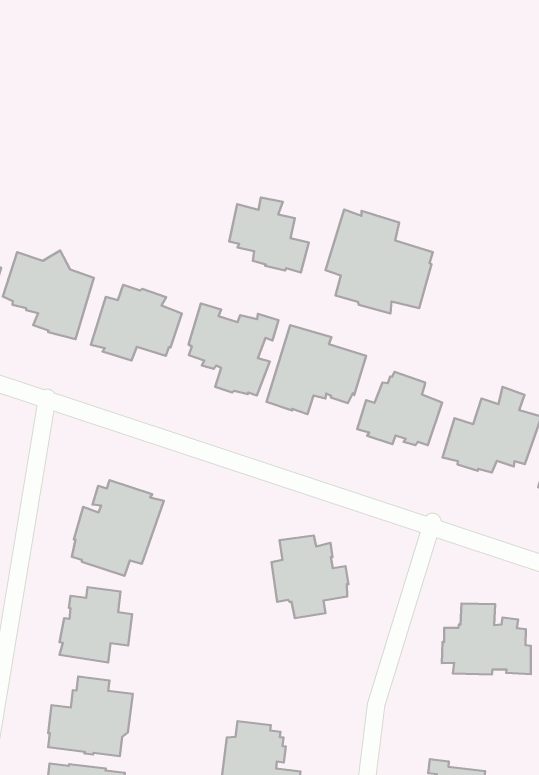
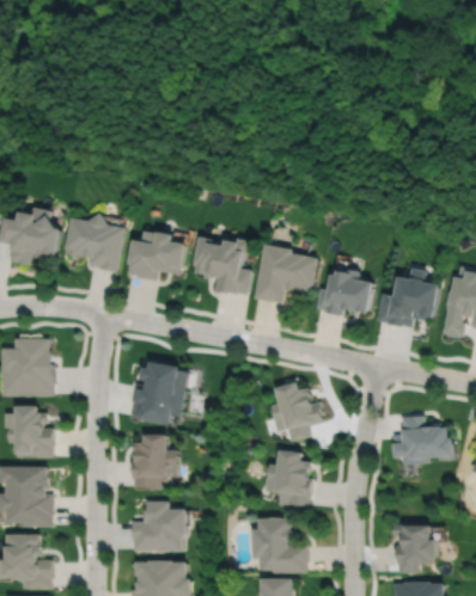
building: [229,198,309,273] -> none
building: [325,209,433,314] -> none
building: none -> [263,453,312,508]

